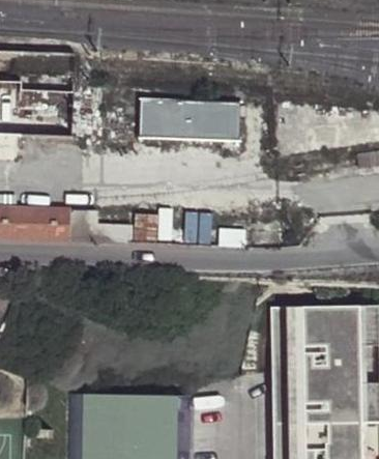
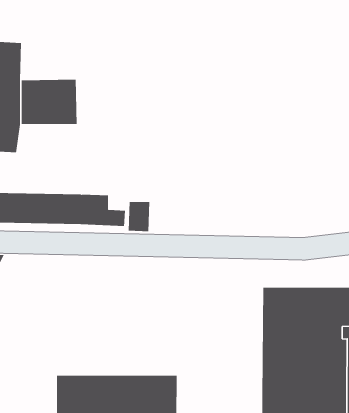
building: [124,98,225,141] -> none

